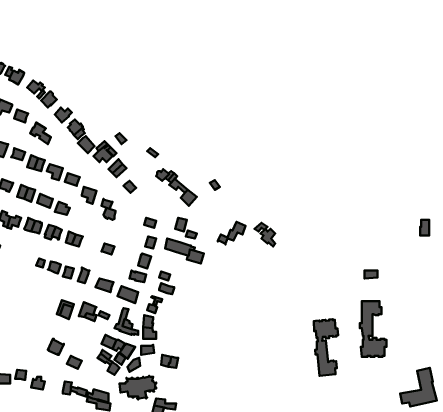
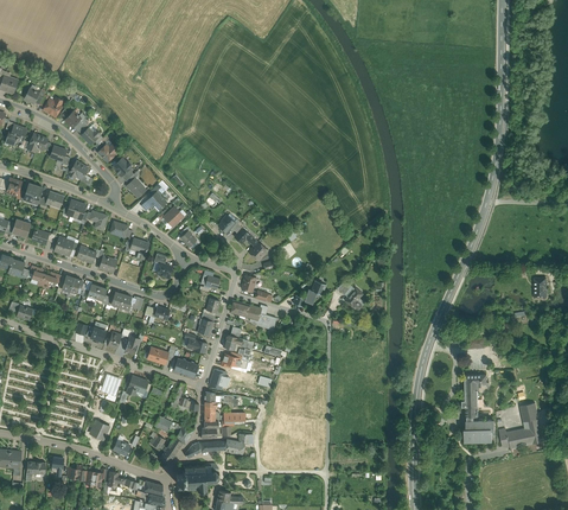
building: [314,319,338,376] -> none
building: [400,368,437,407] -> [499,402,543,448]

